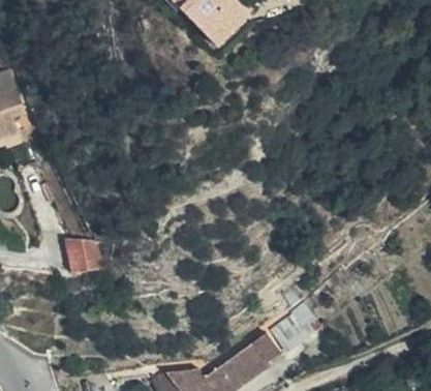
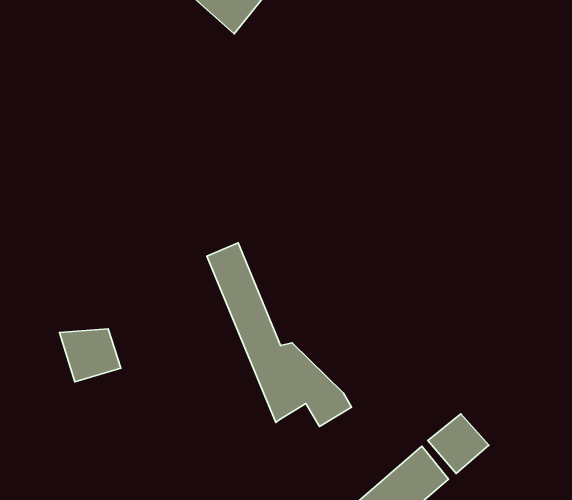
building: none -> [207,243,351,427]

